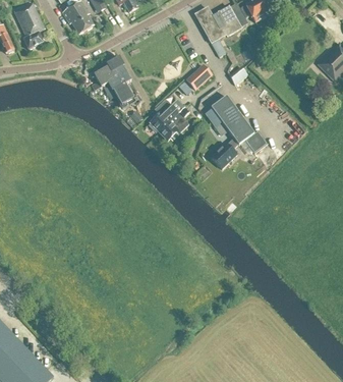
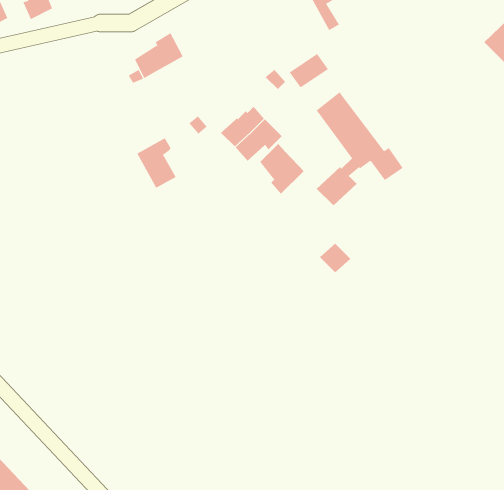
building: [107,72,132,105] -> [137,137,176,188]
building: none -> [260,143,305,194]

